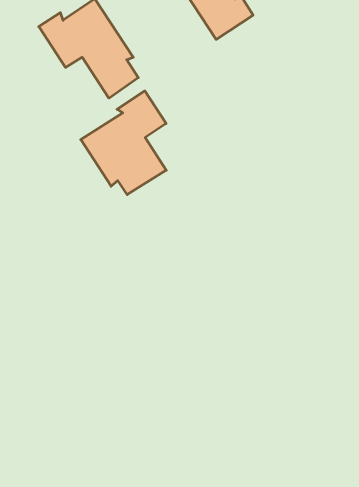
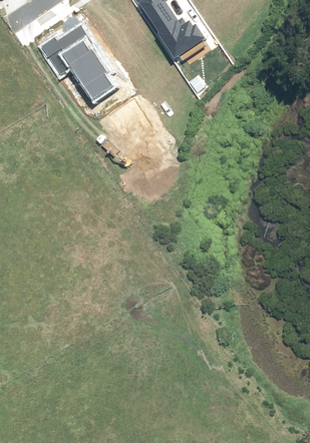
building: [81,91,166,195] -> none

